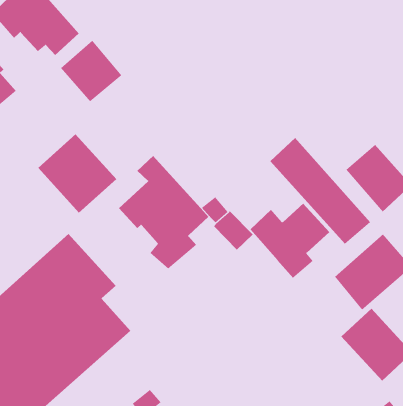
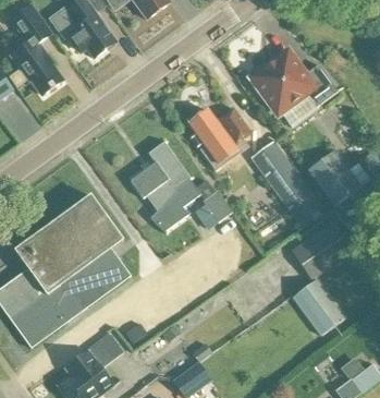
building: none -> [252,51,336,112]
building: [60,40,122,102] -> none
building: [37,134,117,214] -> none
building: [249,203,330,278] -> [188,107,250,165]

